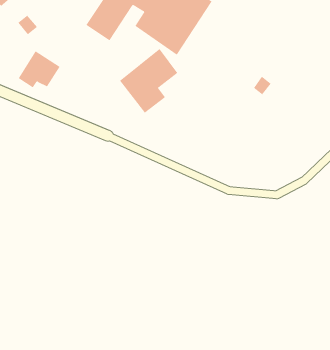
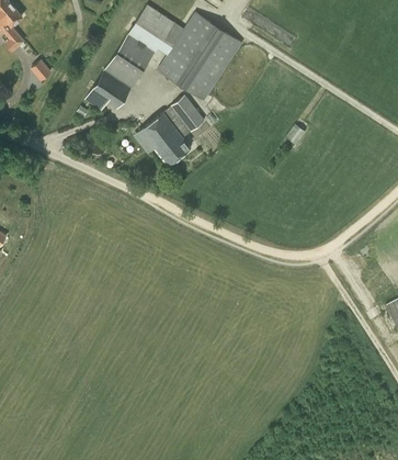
building: [18,51,61,88] -> [84,70,130,111]

